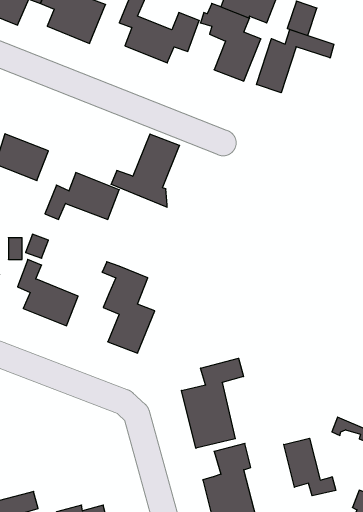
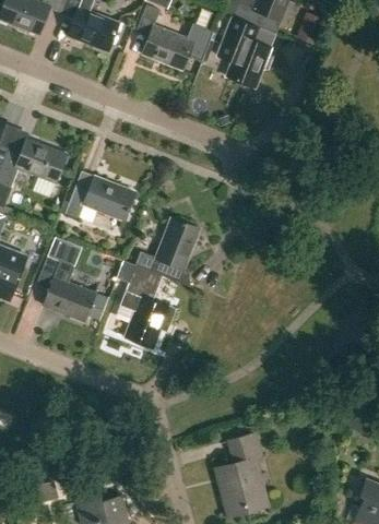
building: [257,29,334,93] -> none
building: [111,134,180,207] -> [135,216,201,286]
building: [181,358,243,448] -> none
building: [284,438,336,496] -> none

